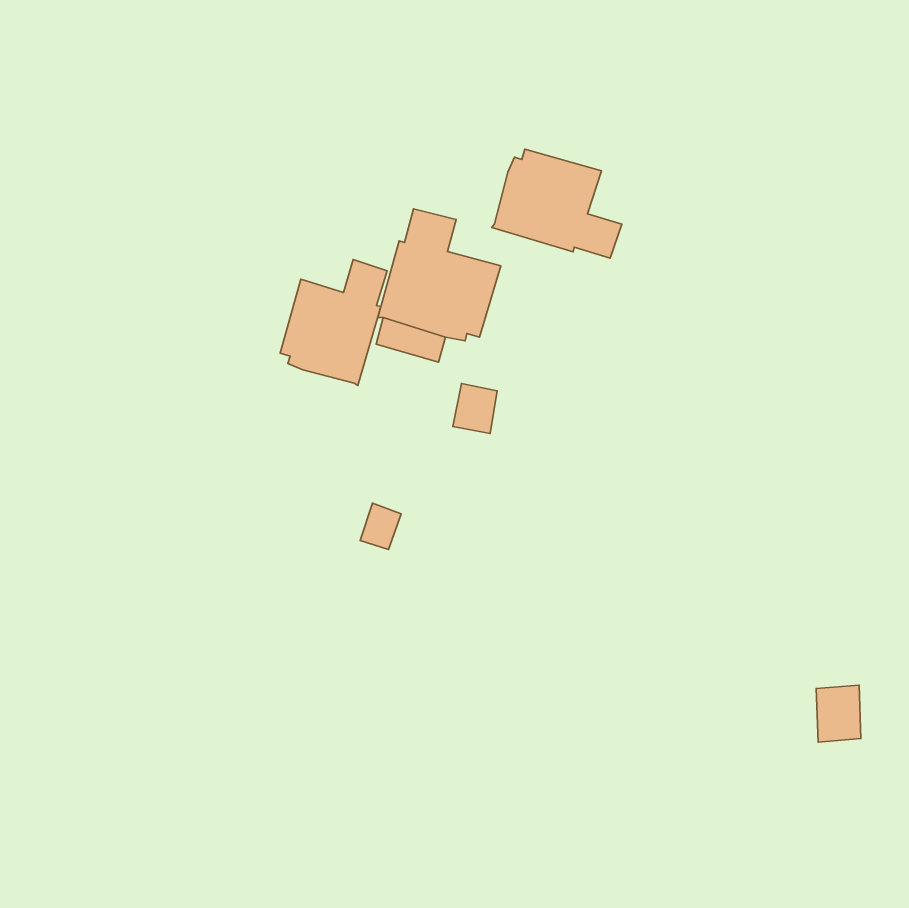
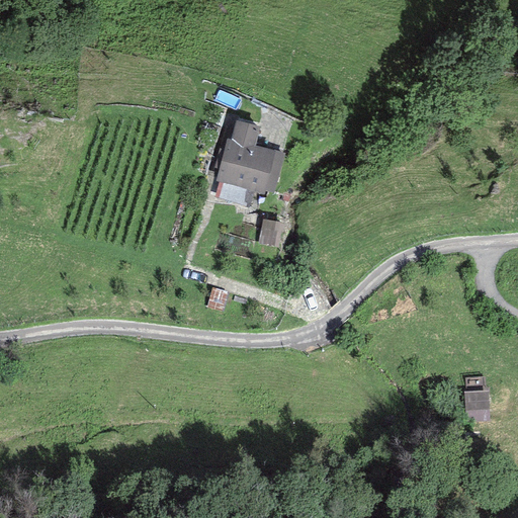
building: [492,149,622,258] -> none
building: [280,259,387,386] -> none

